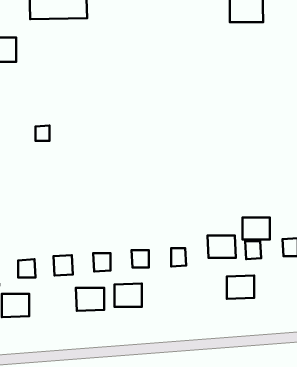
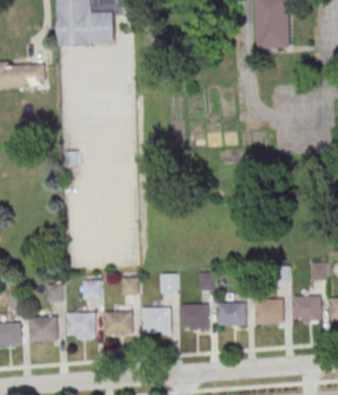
building: [242,217,270,240] -> [293,297,321,319]
building: [208,236,236,258] -> [217,304,246,326]
building: none -> [180,306,207,329]
building: none -> [66,313,94,336]

